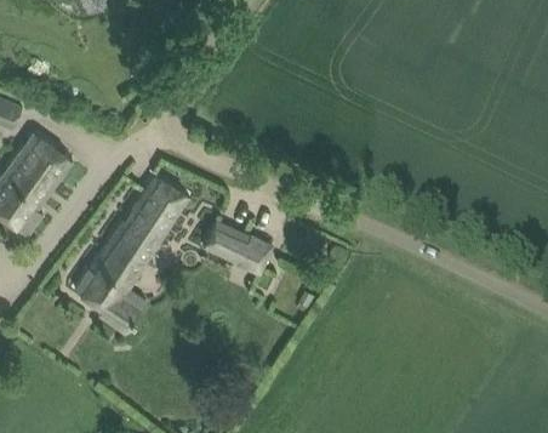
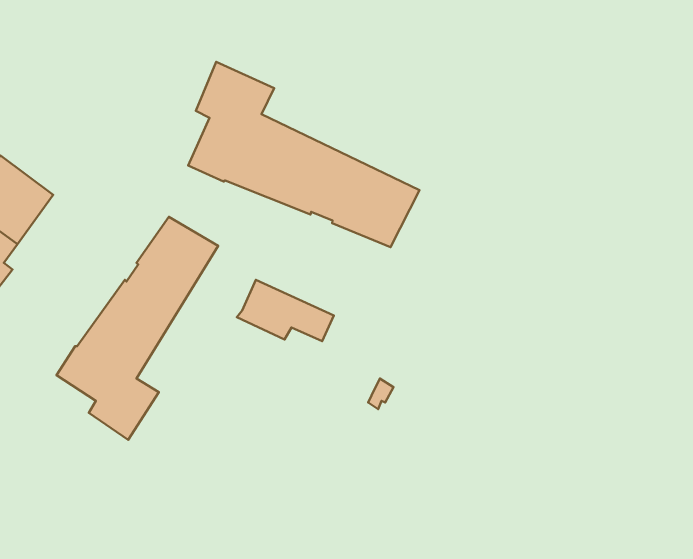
building: none -> [188,62,419,247]

